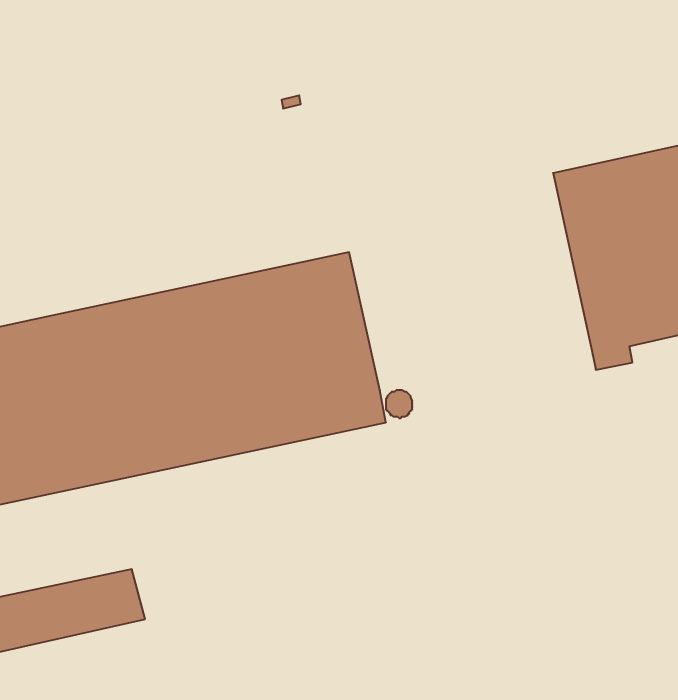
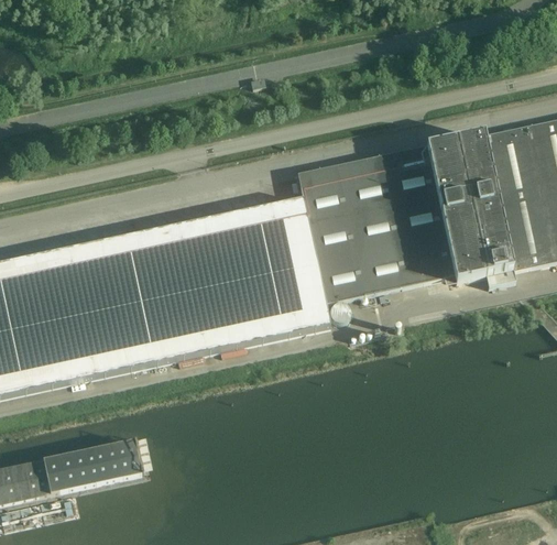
building: none -> [301,139,485,302]

